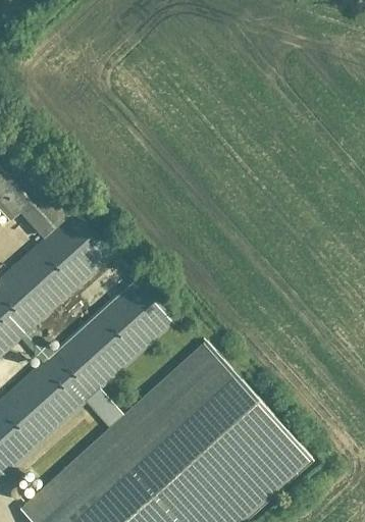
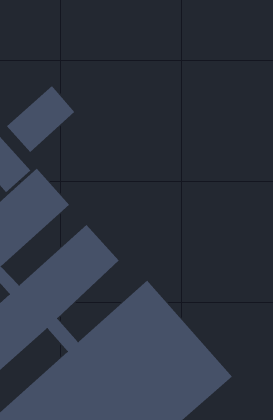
building: none -> [6,85,75,153]

